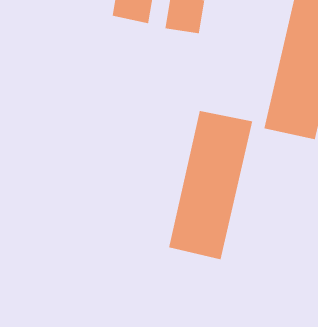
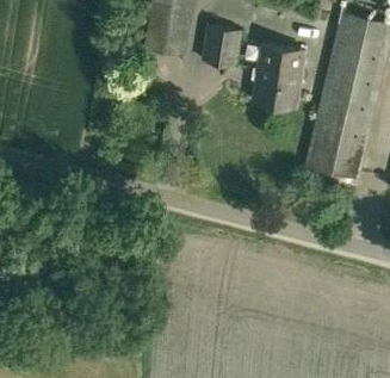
building: none -> [252,42,307,106]
building: [169,110,253,260] -> none

